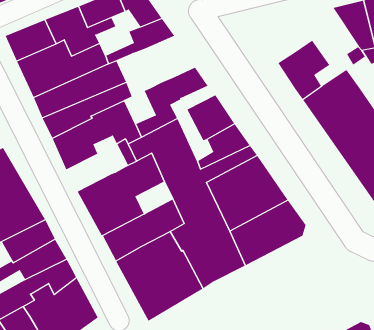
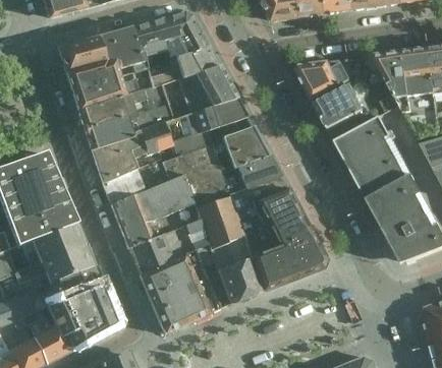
building: none -> [296,60,347,99]
building: none -> [177,65,235,112]
building: none -> [101,168,144,202]

